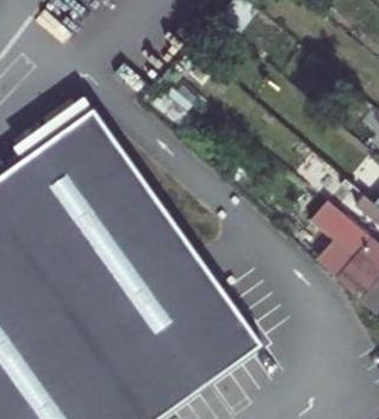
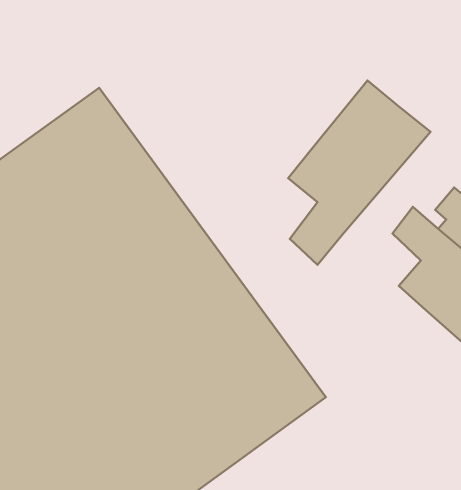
building: none -> [288,81,430,265]

